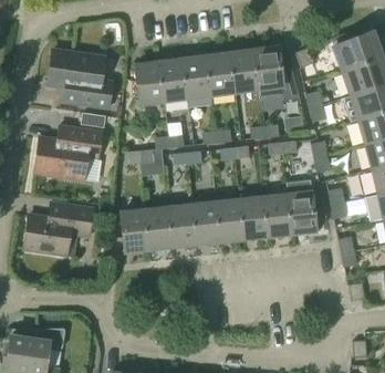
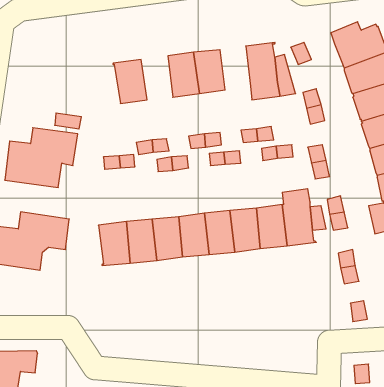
building: [48,50,112,110] -> none
building: [231,52,259,92] -> none
building: [159,61,188,101] -> none

